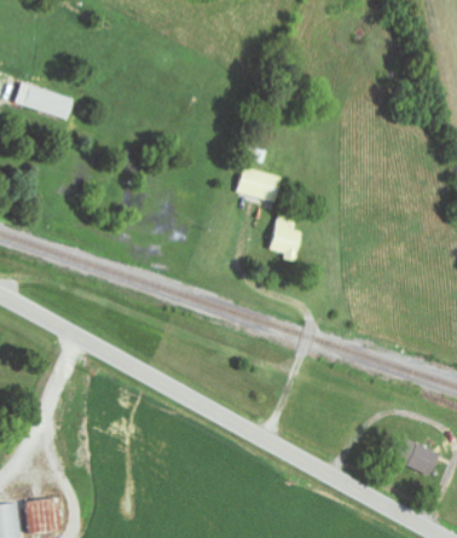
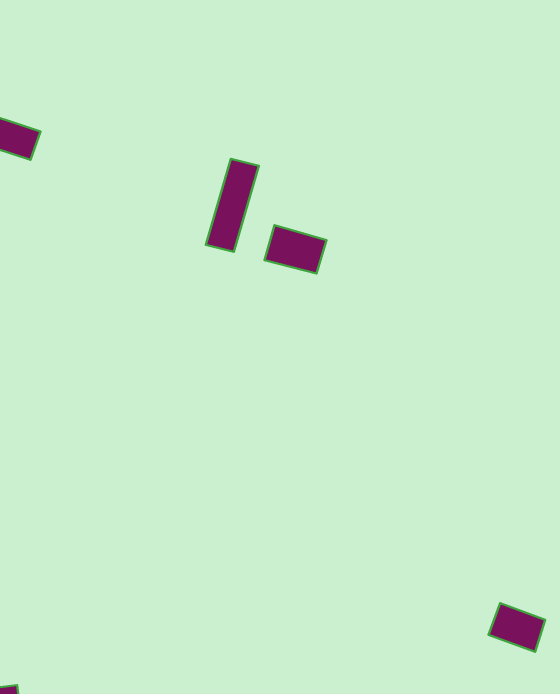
building: none -> [206,159,259,252]
building: [268,214,300,256] -> none

